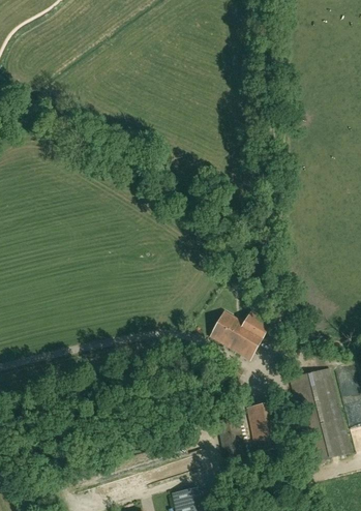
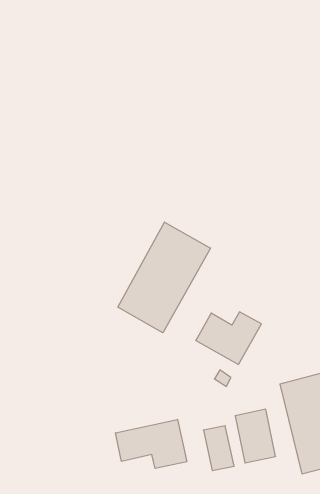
building: none -> [118,222,211,333]
building: none -> [116,419,187,468]

